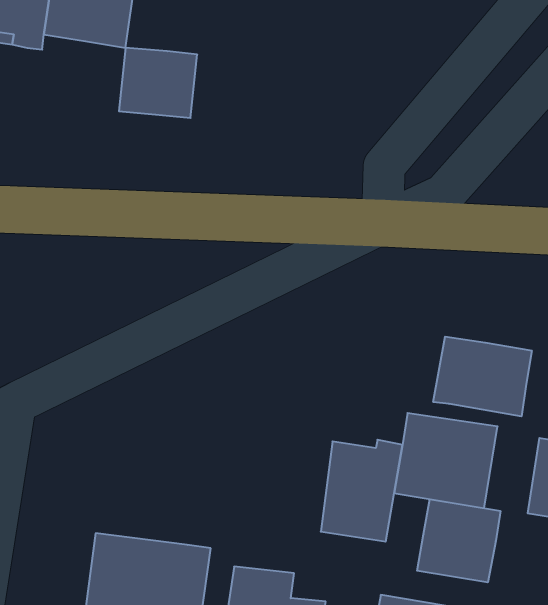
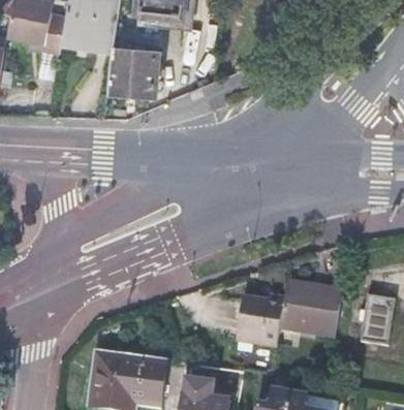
building: [433,337,532,416] -> none
building: [417,499,500,582] -> none

